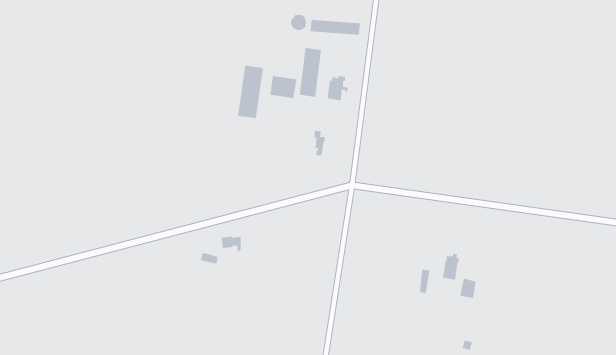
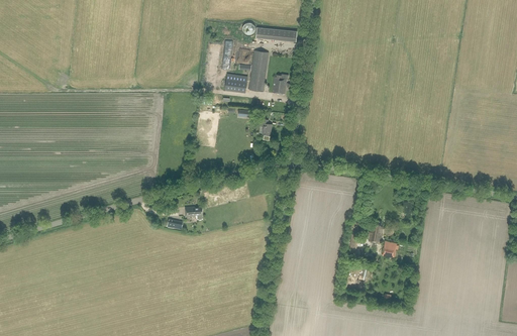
building: [237,65,264,119] -> none

